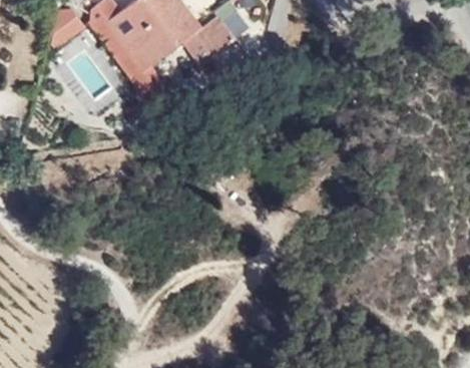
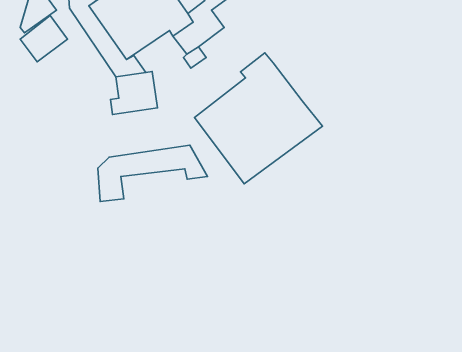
building: none -> [194,53,322,184]
building: none -> [98,145,207,201]

